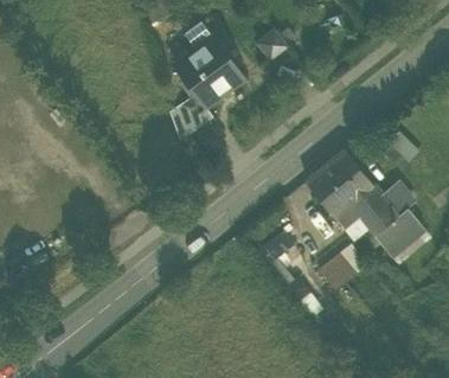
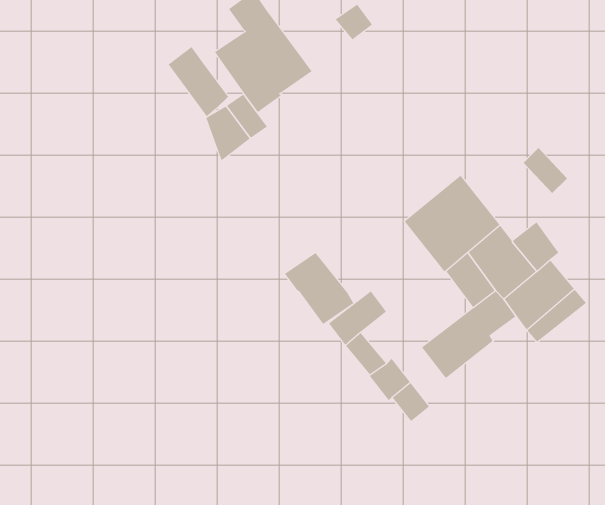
building: none -> [168,46,229,117]
building: none -> [284,252,354,325]

